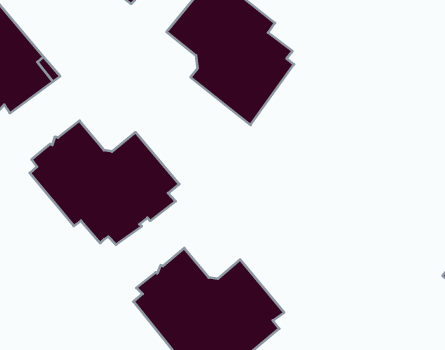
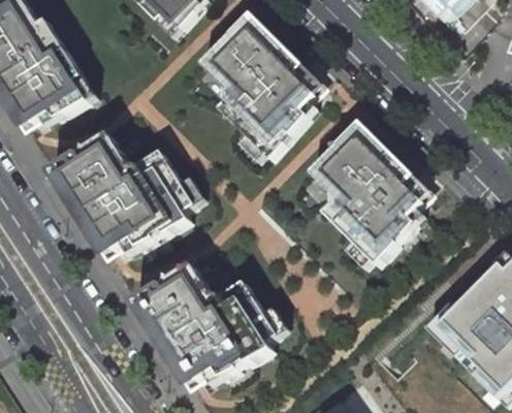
building: none -> [308,126,420,260]

